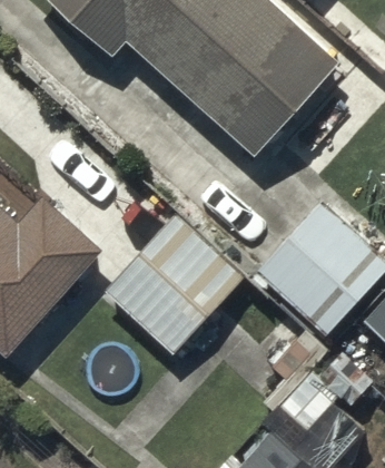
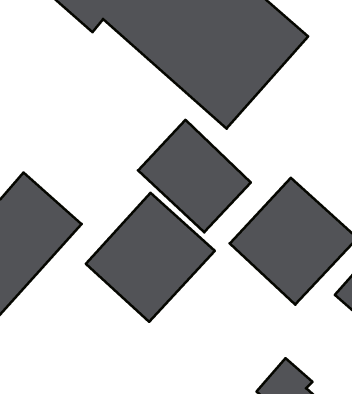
building: none -> [138,120,251,232]

